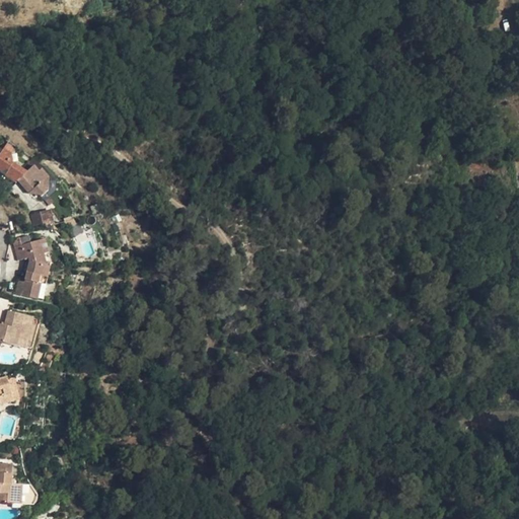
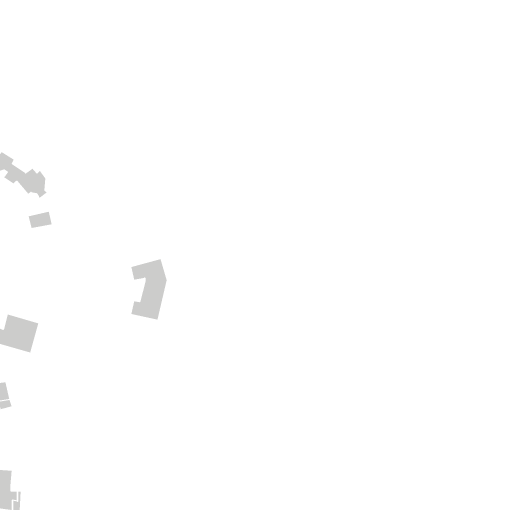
building: [13,238,50,299] -> [130,259,167,320]

